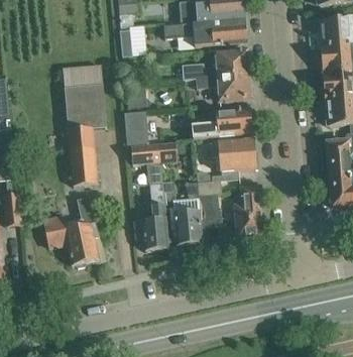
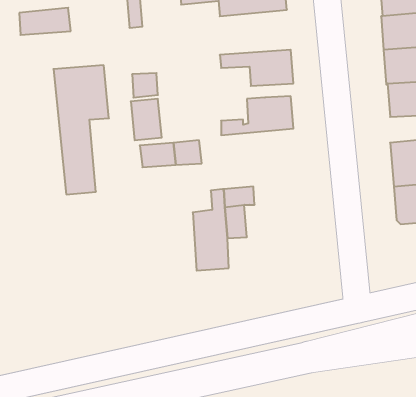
building: [181,48,249,78] -> none
building: [63,66,103,87] -> [19,8,71,35]
building: [205,139,254,170] -> none
building: [141,163,167,249] -> none
building: [235,187,261,234] -> none
building: [42,196,98,264] -> none

